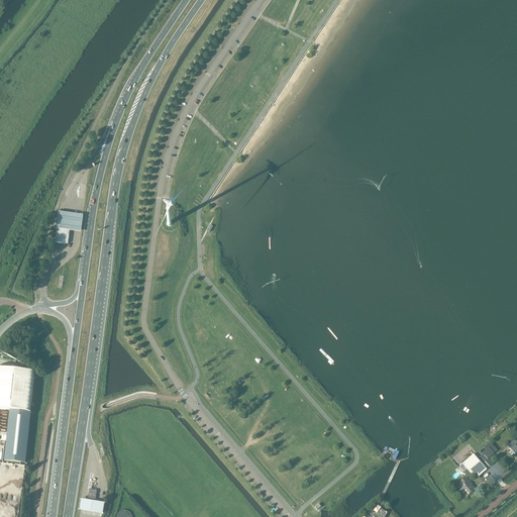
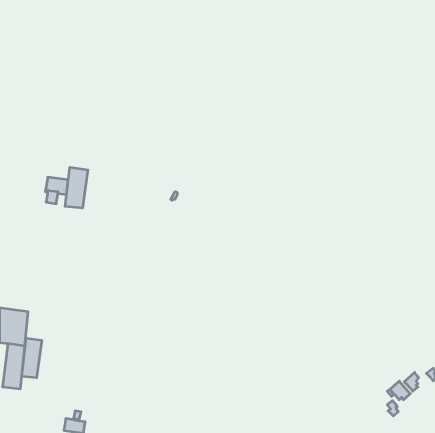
building: none -> [65,167,88,208]
building: none -> [22,338,42,378]

